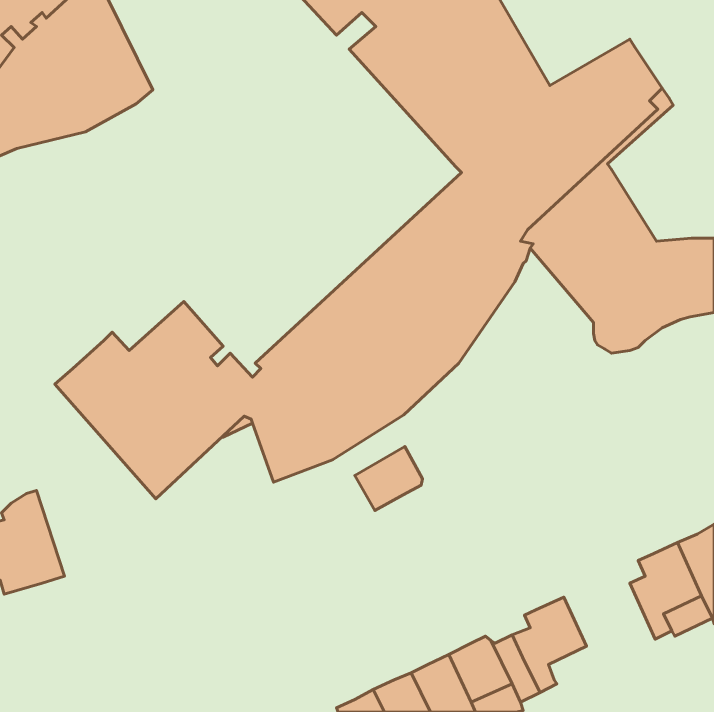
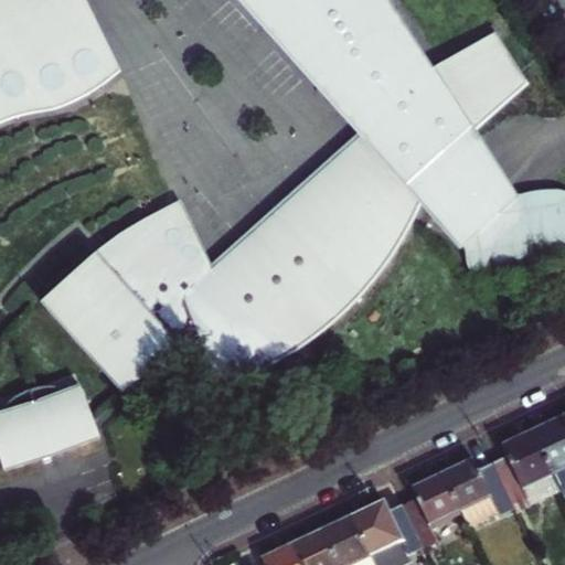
building: none -> [81,131,363,297]
building: [355,446,422,510] -> none
building: none -> [29,383,98,454]
building: none -> [444,456,515,524]

